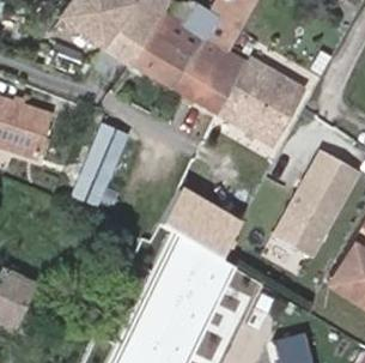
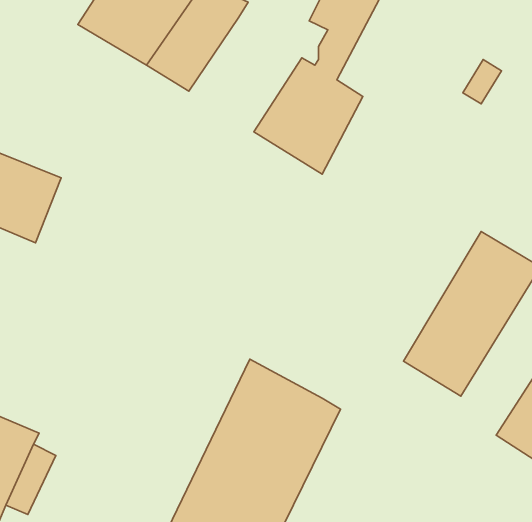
building: [134,12,207,86] -> none
building: [220,59,302,145] -> none
building: [75,121,129,204] -> none
building: [159,187,241,259] -> none

